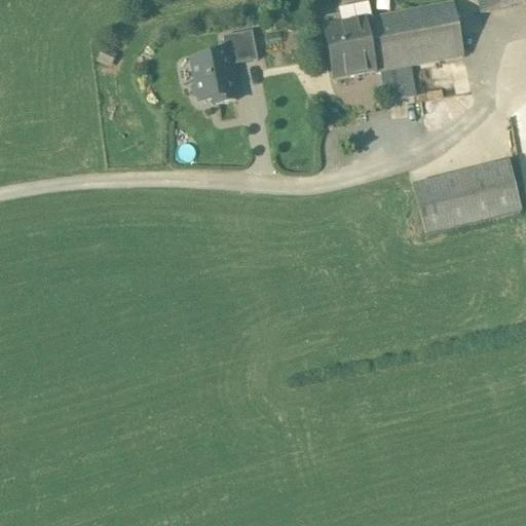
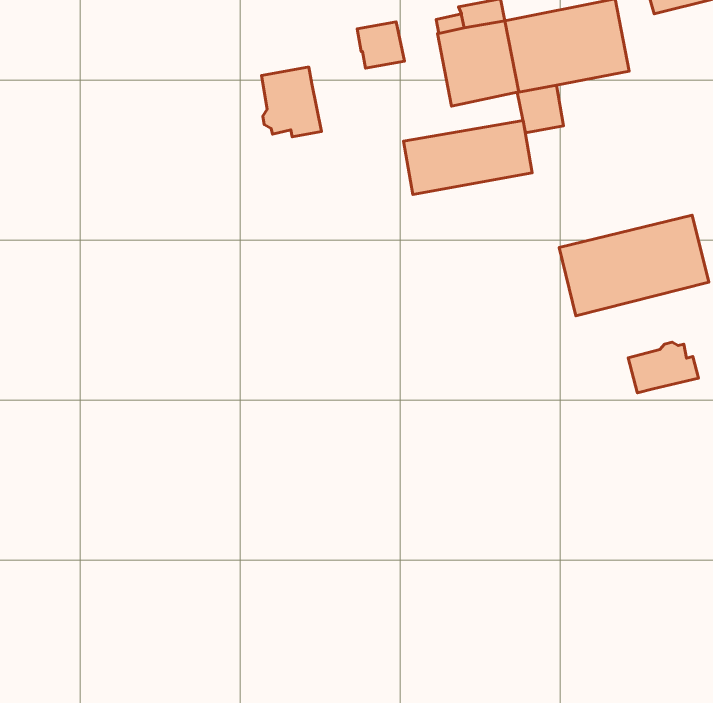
building: [224,28,259,62] -> [357,22,405,68]
building: none -> [403,121,532,194]
building: none -> [628,342,698,393]

